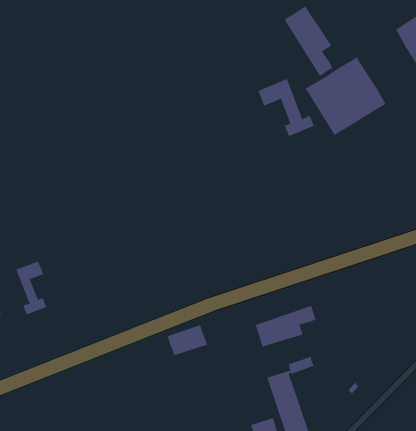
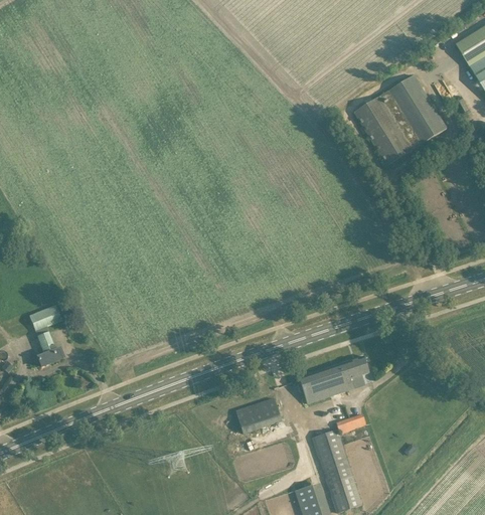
building: [284,6,333,77] -> none
building: [258,78,315,137] -> none
building: [167,324,208,356] -> [234,397,281,433]

